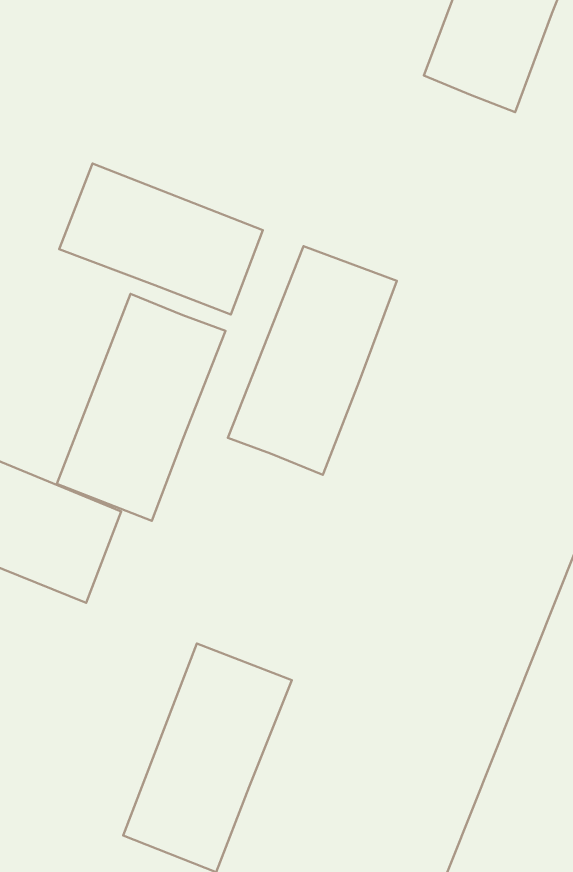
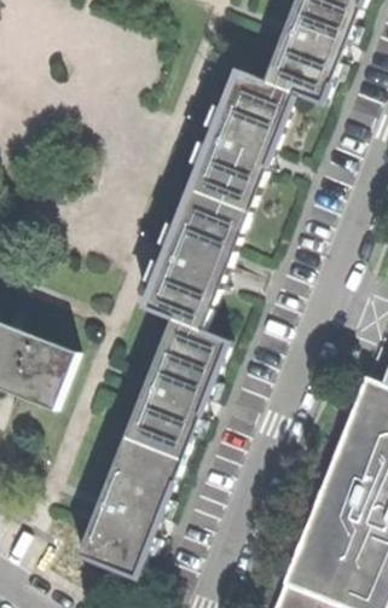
building: none -> [192,69,296,208]
building: [59,163,263,315] -> none
building: [57,294,226,521] -> [126,315,231,457]

